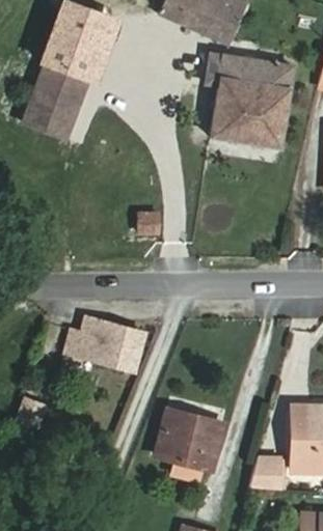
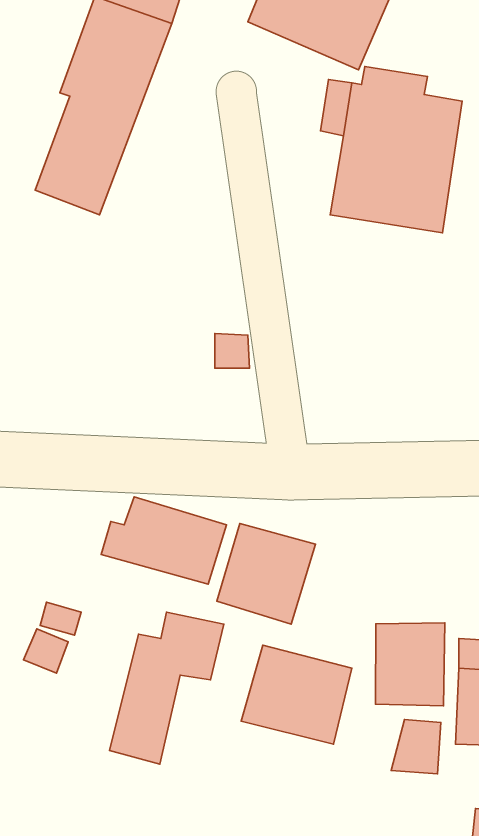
building: none -> [217,523,315,624]
building: none -> [109,612,224,764]
building: none -> [375,623,445,706]

